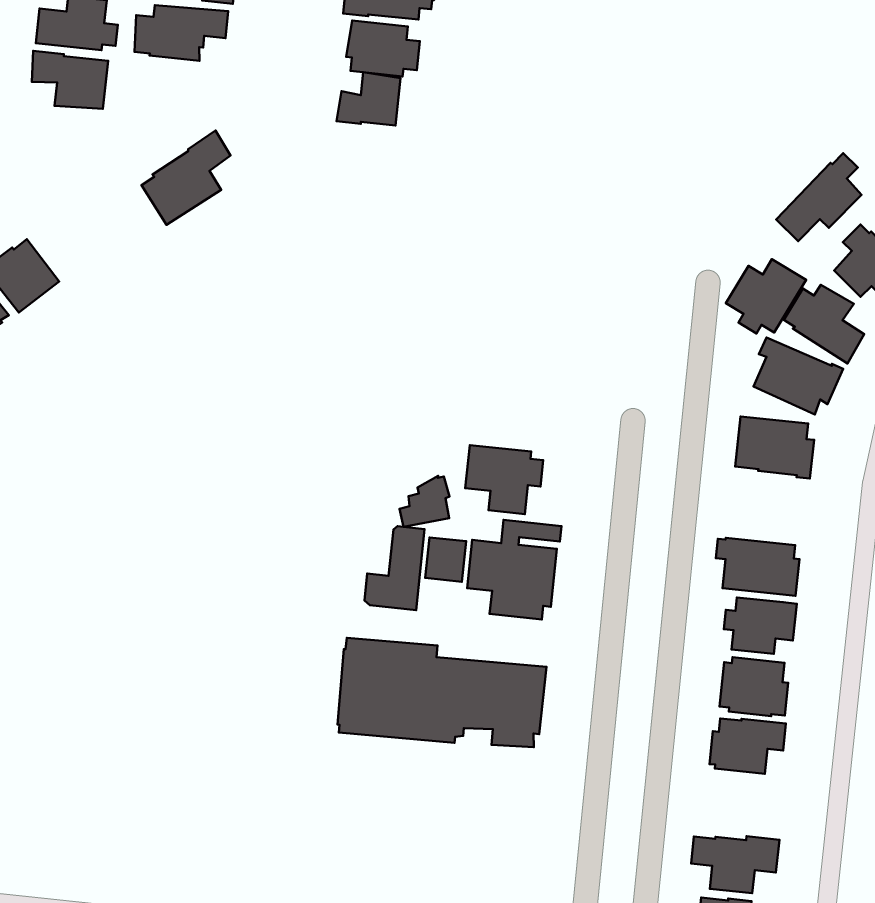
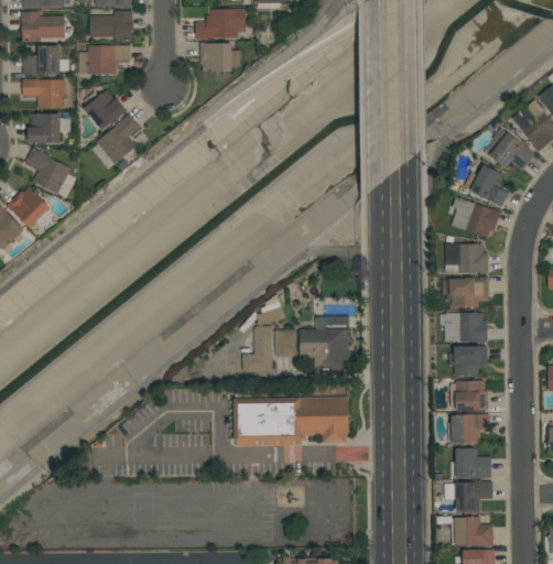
building: [337,72,401,126] -> none
building: none -> [84,90,128,131]
building: none -> [29,113,71,143]
building: [776,153,861,241] -> none
building: none -> [25,148,77,198]
building: [726,259,806,333] -> none
building: [465,445,543,514] -> none
building: none -> [447,278,487,307]
building: none -> [449,448,490,478]

